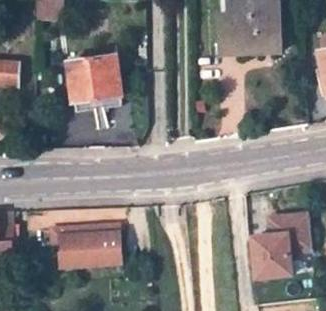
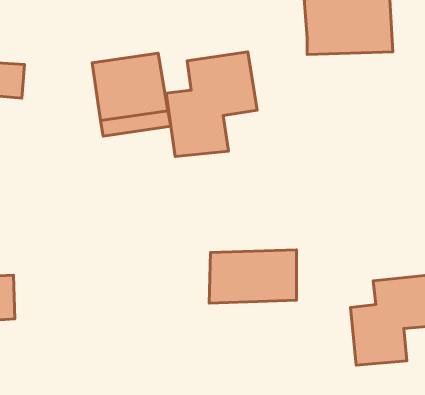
building: none -> [166,52,257,157]
building: [63,229,125,267] -> [209,250,296,303]

